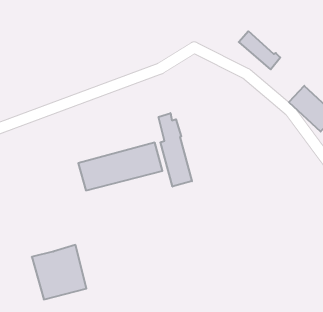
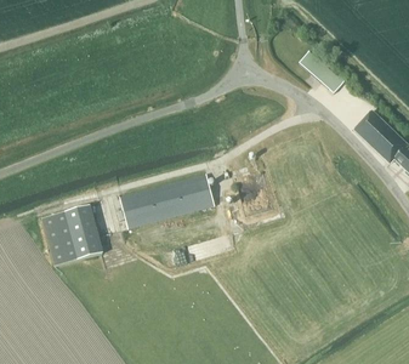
building: [159,113,192,187] -> none
building: [32,245,86,299] -> [41,204,102,265]

